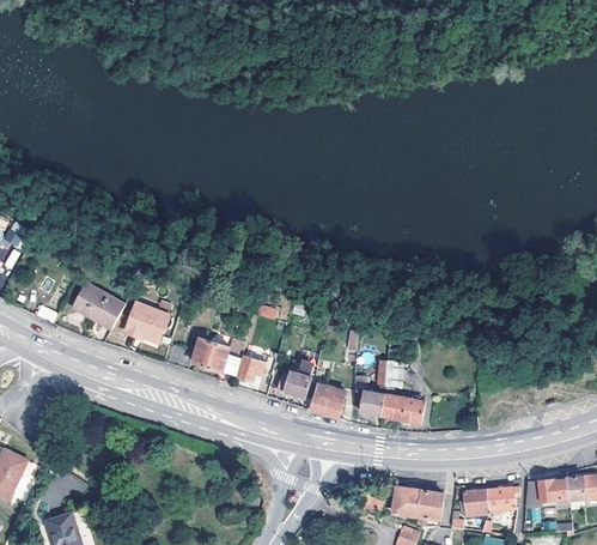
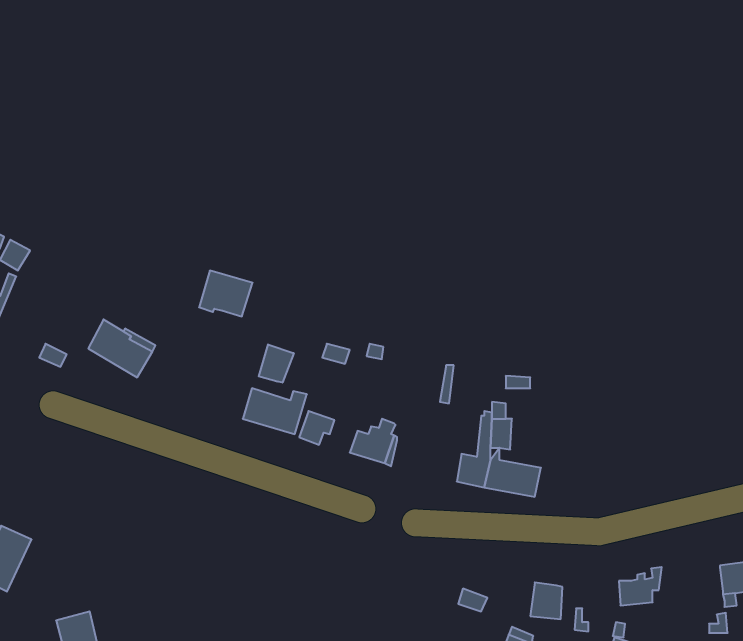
building: none -> [259,344,294,383]
building: [126,305,167,341] -> [199,271,253,316]
building: [309,383,345,417] -> none
building: [526,479,568,499] -> none
building: [392,488,421,517] -> none
building: [464,490,488,515] -> none

